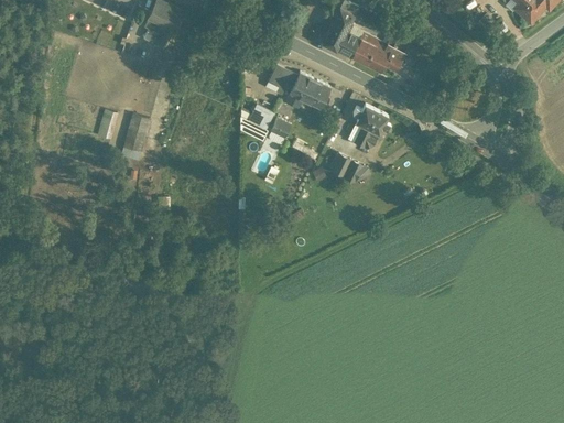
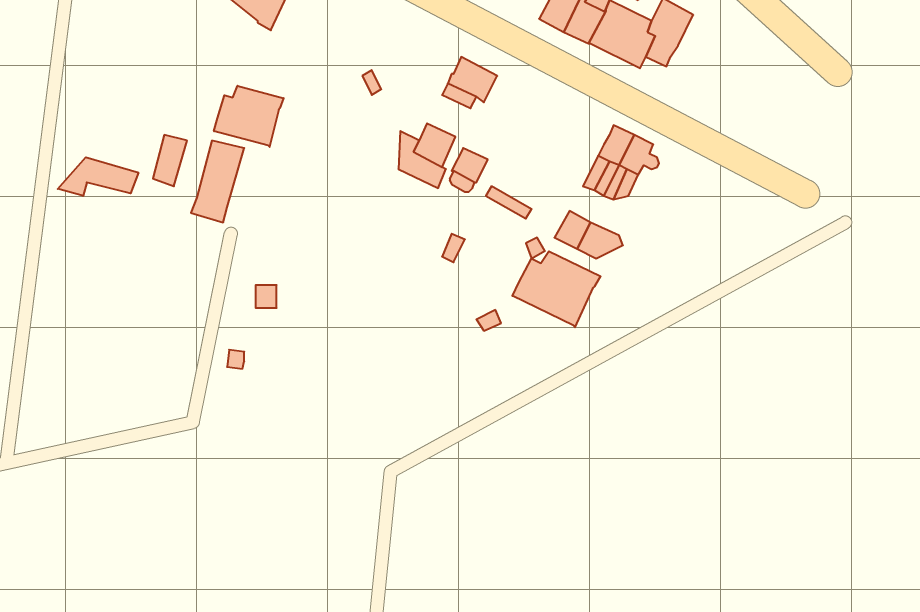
building: [290,72,332,108] -> none
building: none -> [214,86,284,147]
building: none -> [58,157,138,196]
building: none -> [512,251,601,327]

